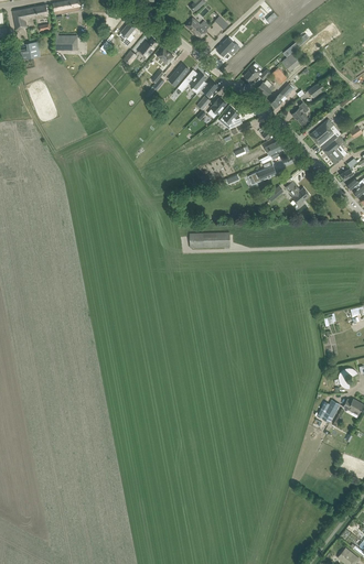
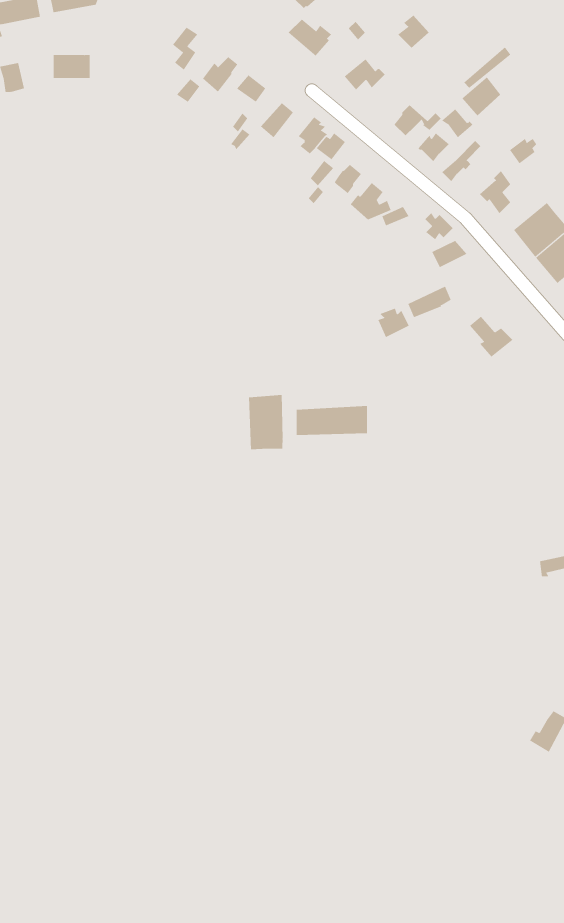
building: none -> [248,394,283,450]

